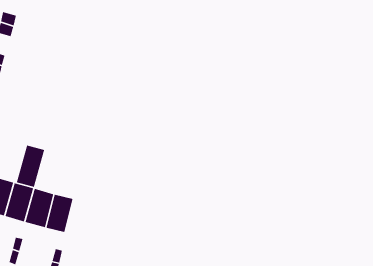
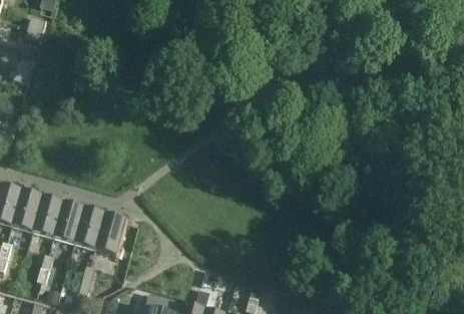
building: [16,144,45,188] -> none
building: none -> [95,210,126,252]

